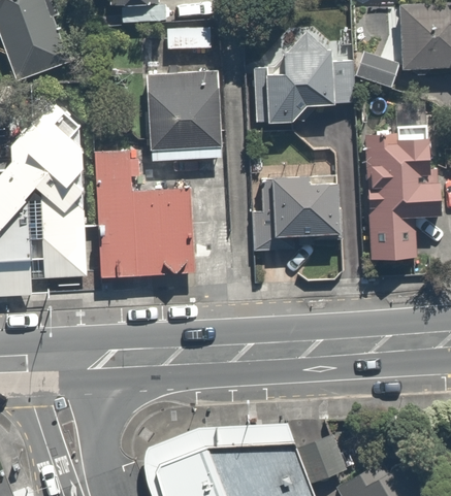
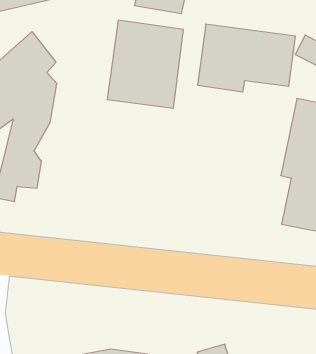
building: [96,153,188,271] -> none
building: [252,176,344,246] -> none

